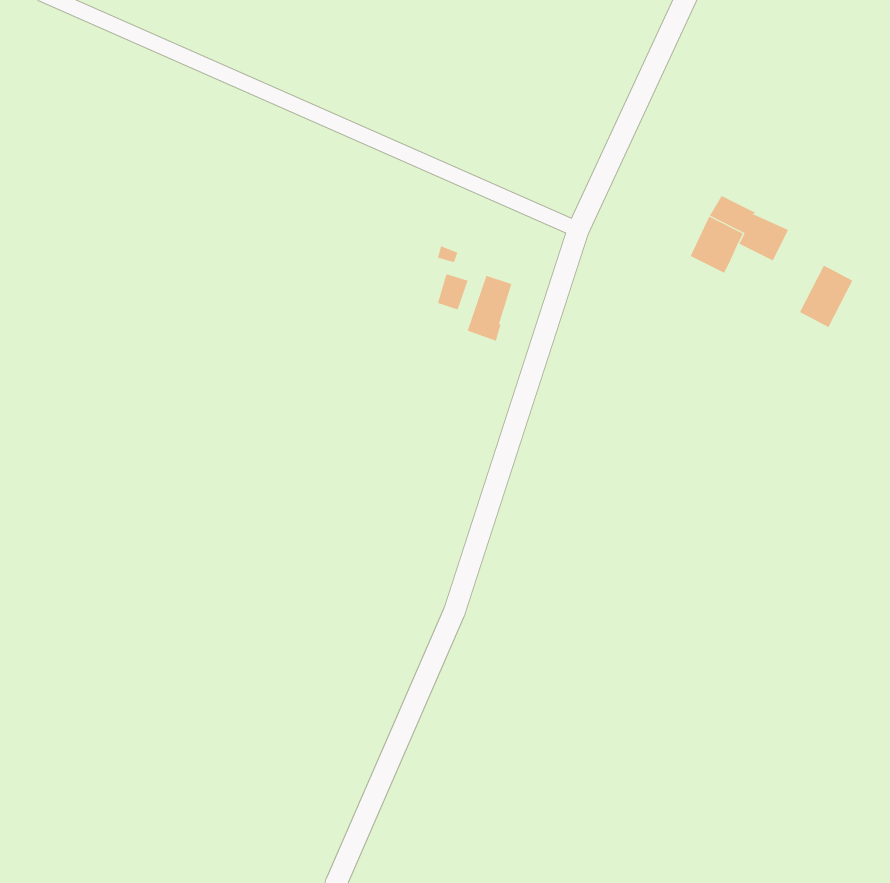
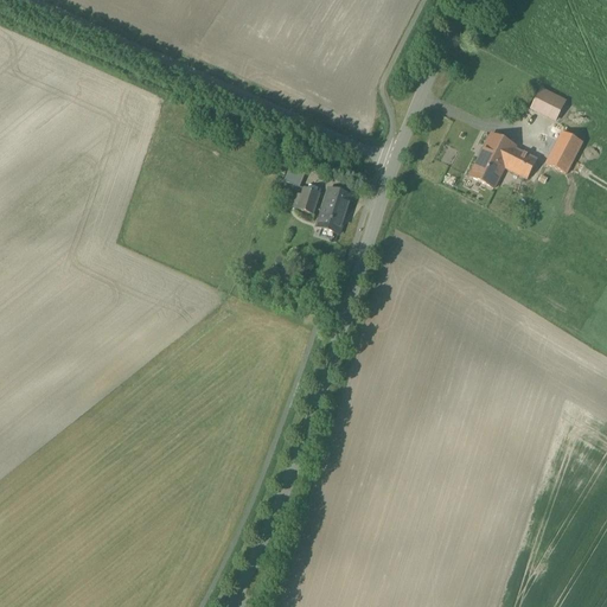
building: none -> [532,85,569,113]
building: [799,265,853,328] -> [545,129,582,172]

